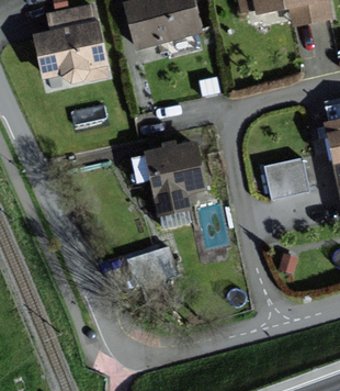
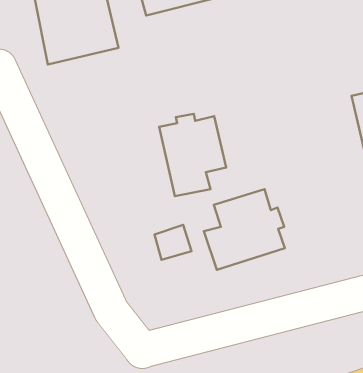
building: [263,150,314,197] -> none
building: none -> [204,189,285,270]

